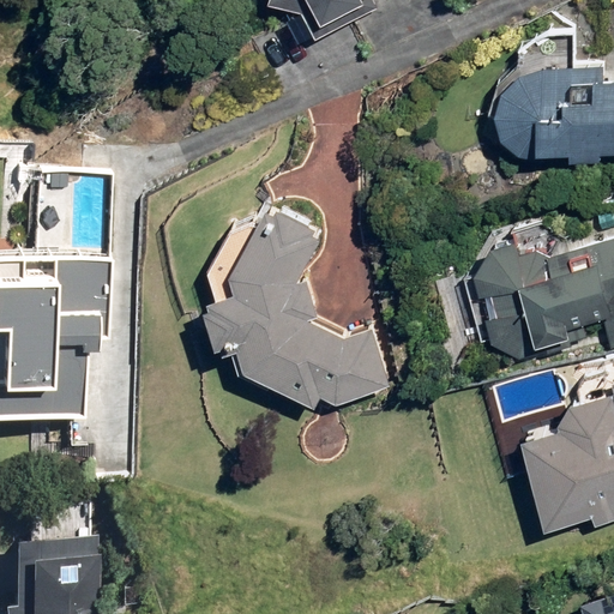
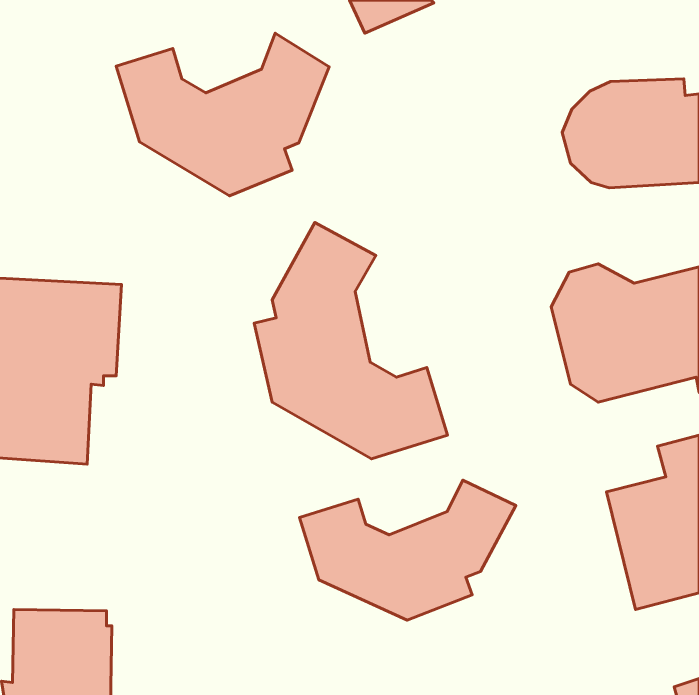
building: none -> [116,33,329,196]
building: none -> [300,480,516,620]

